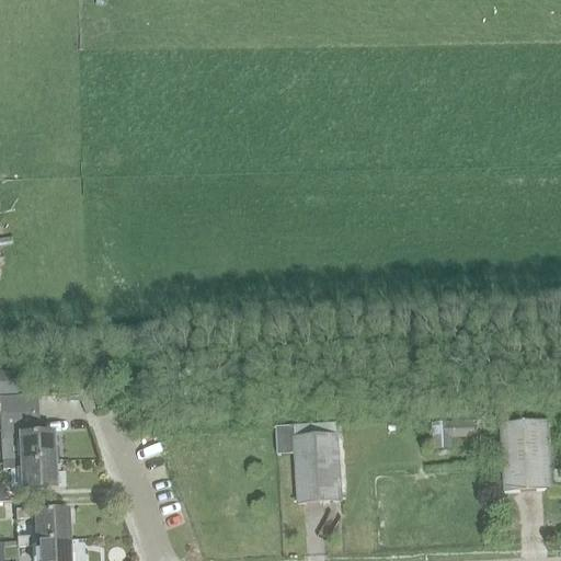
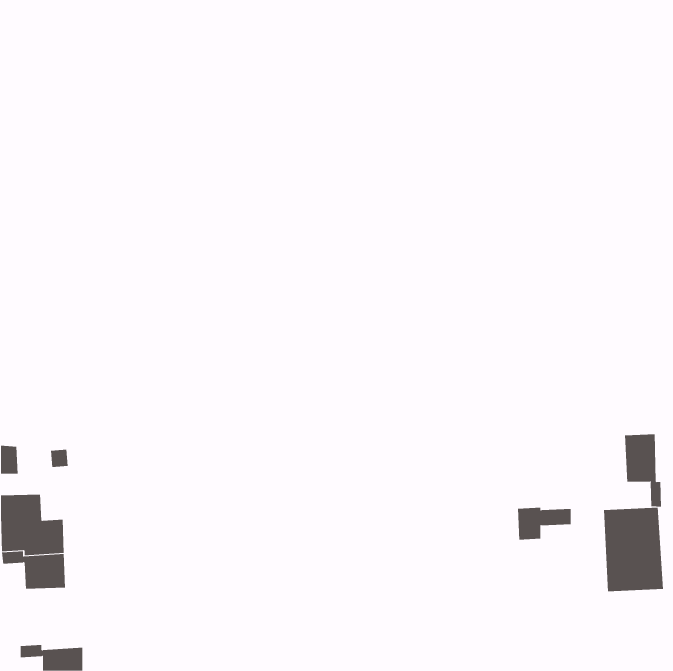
building: none -> [624,433,662,507]
building: [276,422,343,503] -> none
building: [16,507,70,539] -> none

